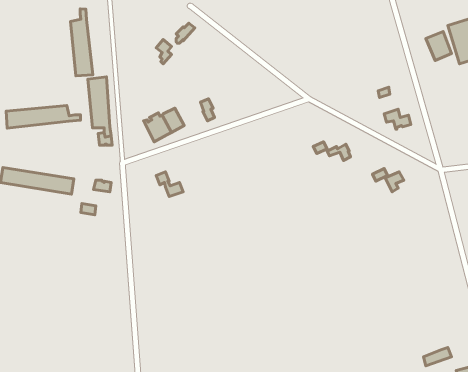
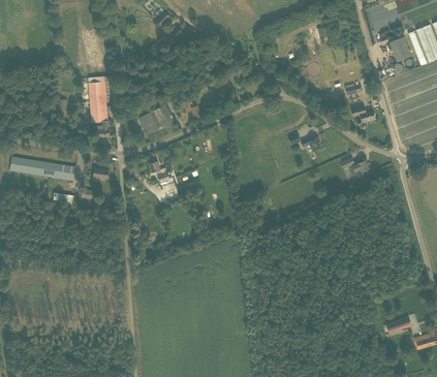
building: [71,9,93,76] -> none
building: [6,105,81,128] -> none

